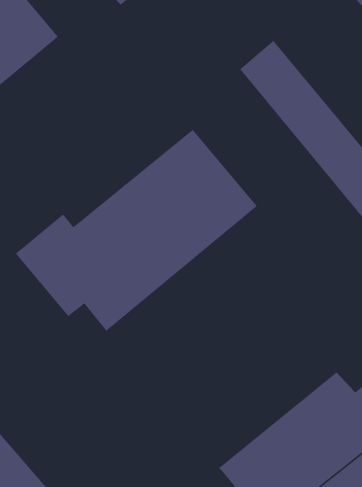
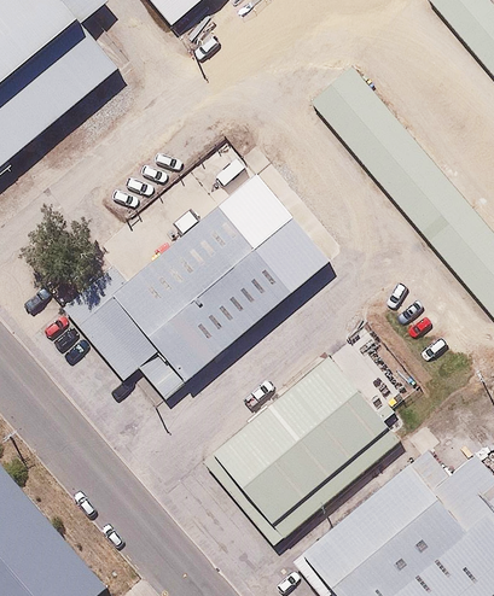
building: none -> [203,357,399,544]

